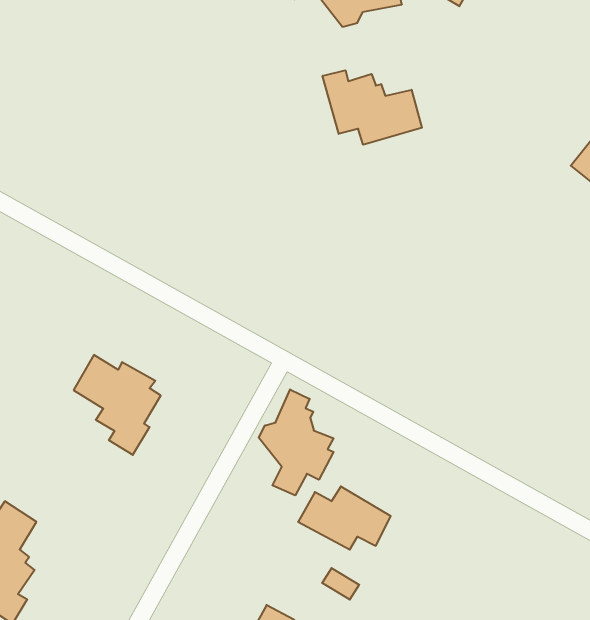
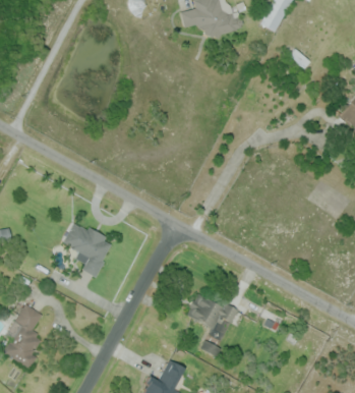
building: [323,70,422,145] -> none
building: [259,389,334,495] -> none

